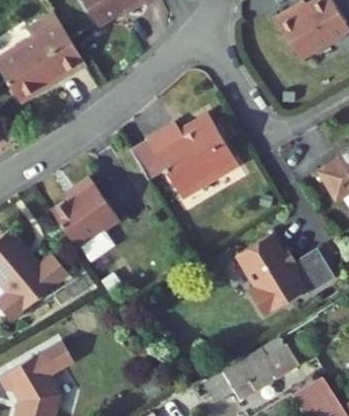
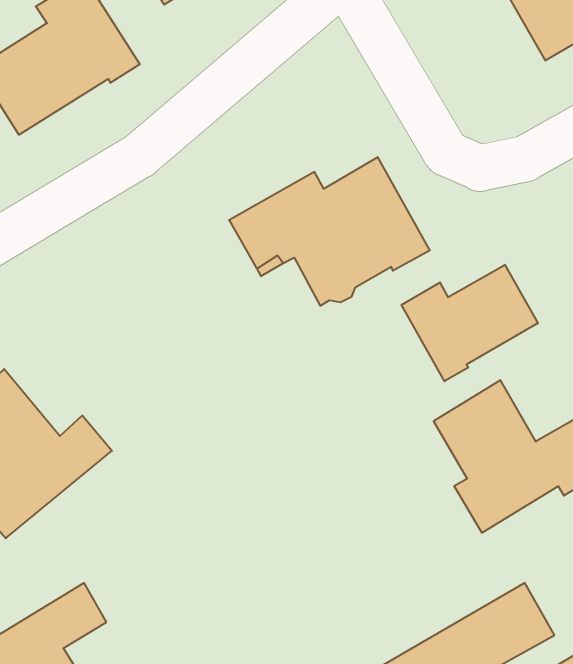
building: none -> [401,265,538,381]
building: [51,178,119,248] -> none

